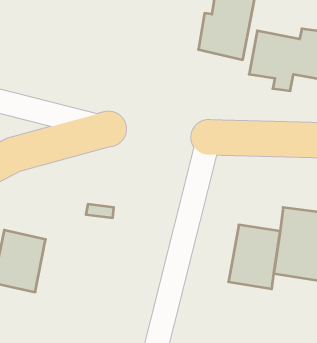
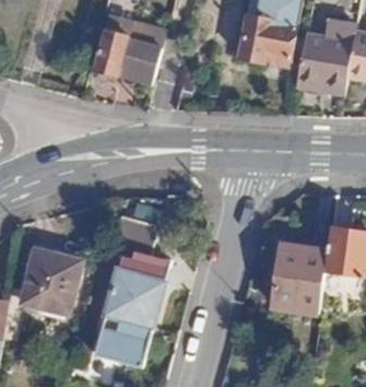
building: none -> [91,17,158,81]
building: none -> [94,251,167,364]

